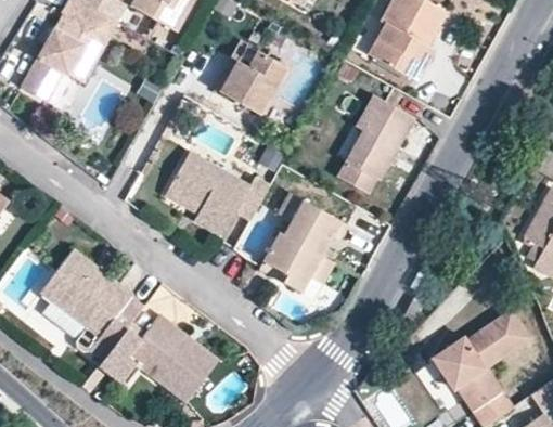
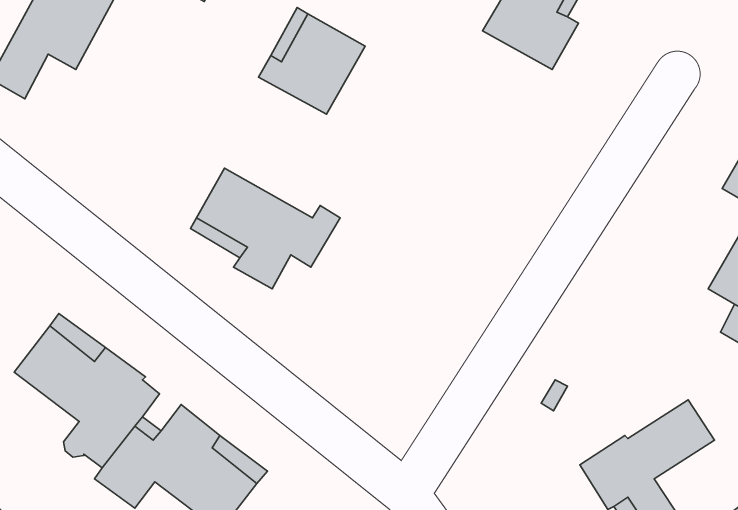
building: [339,93,414,192] -> none
building: [258,193,347,293] -> none

